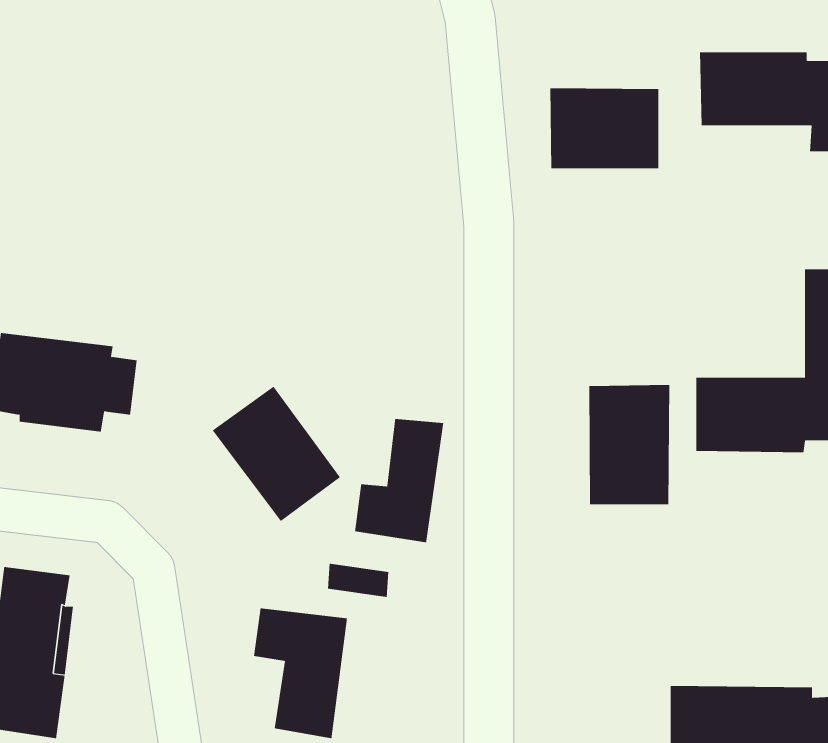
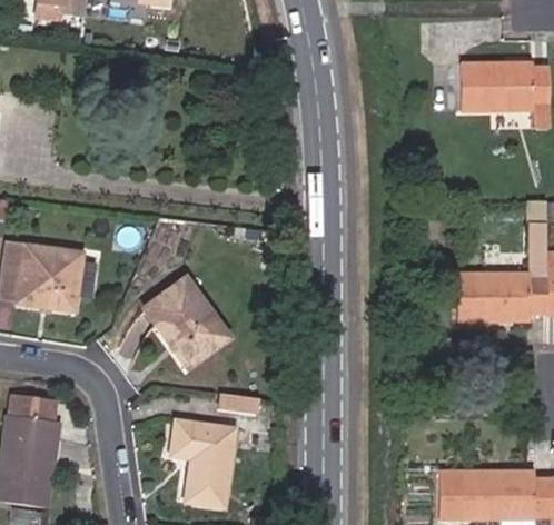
building: [550,88,659,169] -> none
building: [589,384,670,505] -> none
building: [355,418,444,543] -> none

